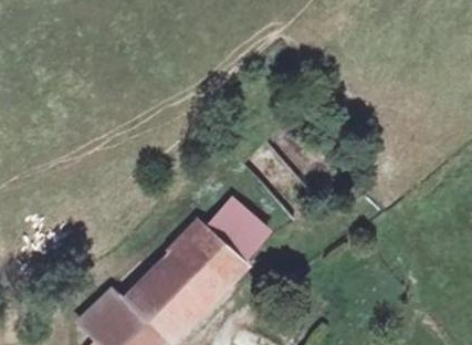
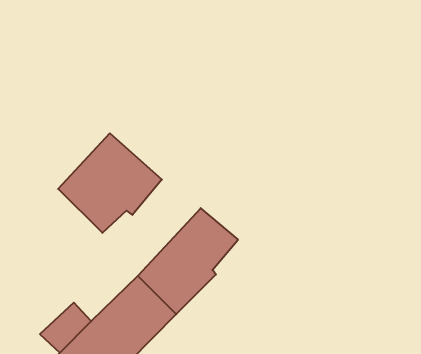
building: none -> [58,133,162,233]

